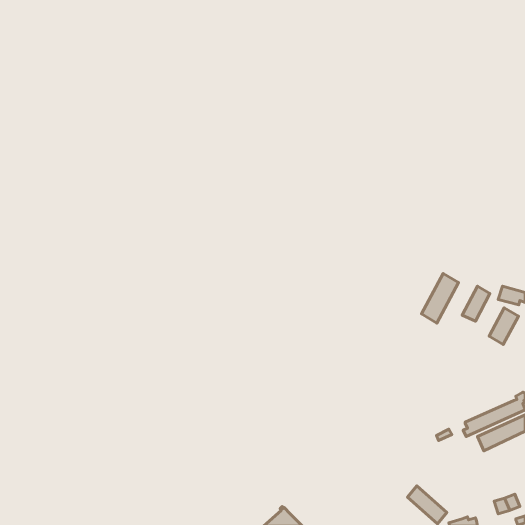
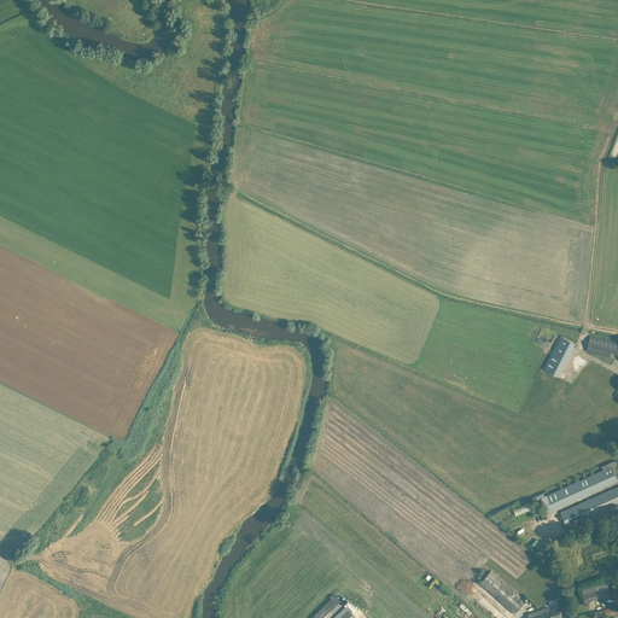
building: [421,273,459,323] -> none
building: [489,308,518,344] -> none

